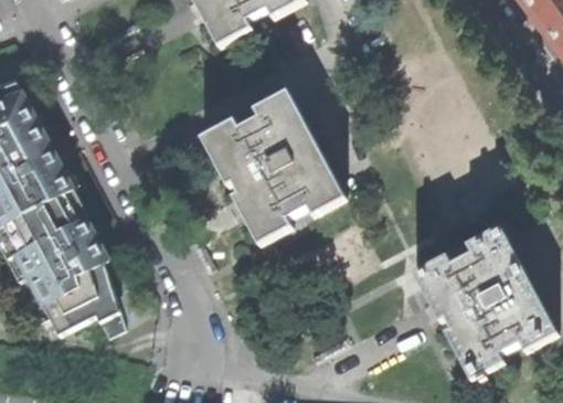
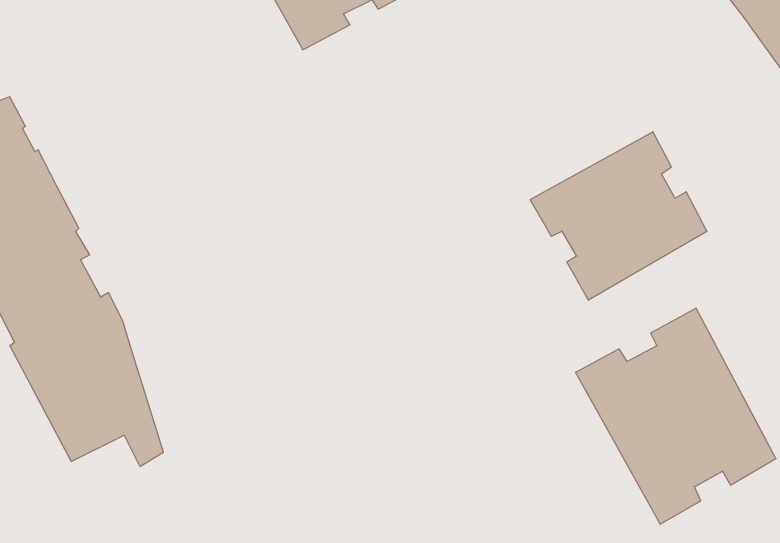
building: [203,92,347,245] -> none
building: none -> [530,132,707,300]

